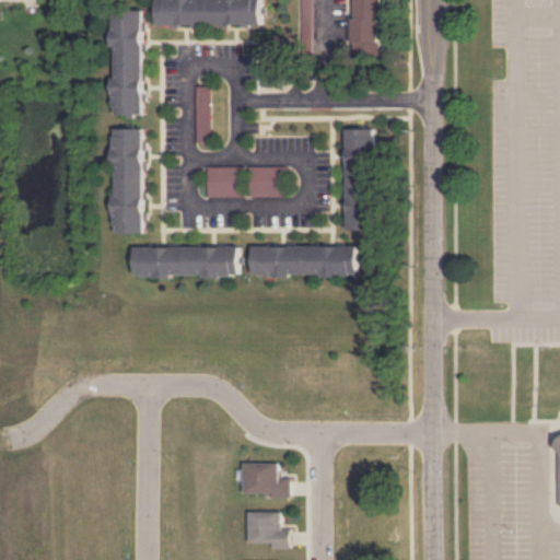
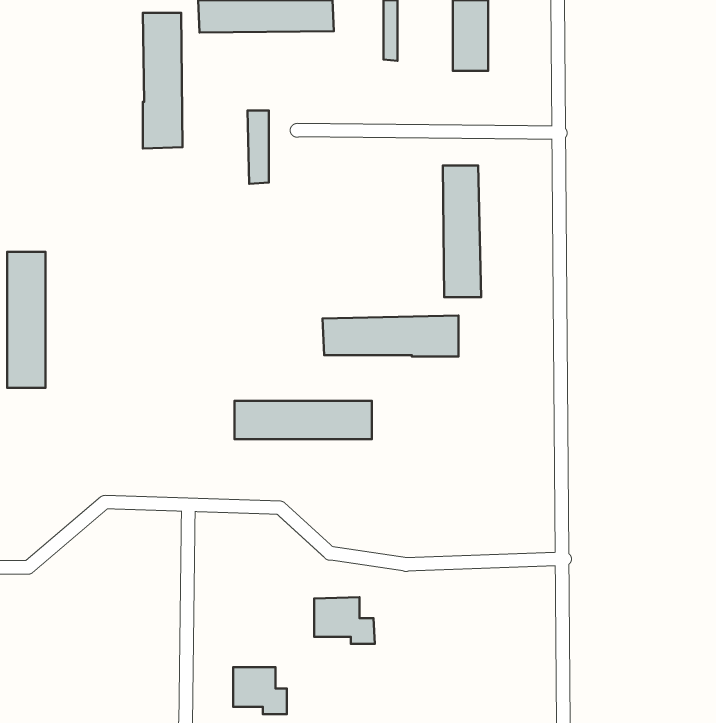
building: [112,128,141,233] -> [7,252,45,388]
building: [203,165,280,197] -> none
building: [131,246,237,276] -> [235,401,372,439]
building: [248,511,290,547] -> [233,667,287,714]

